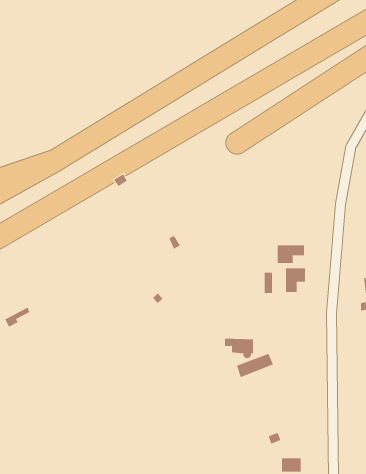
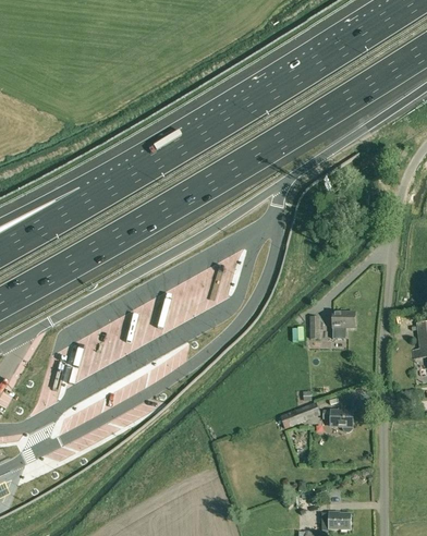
building: [277,245,305,264] -> none
building: [224,338,254,359] -> [324,410,355,431]

